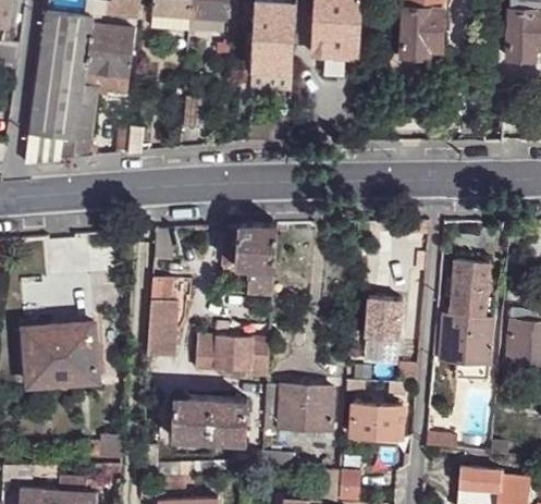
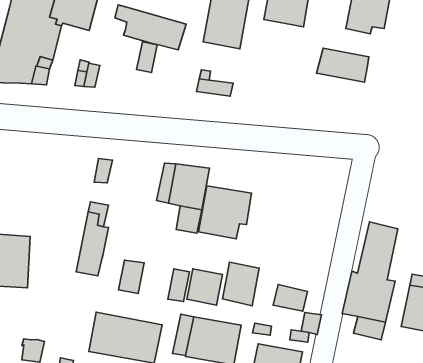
building: none -> [115,5,186,50]
building: none -> [317,48,369,82]
building: none -> [199,186,252,239]
building: [366,298,401,342] -> [223,262,259,306]
building: [217,334,251,370] -> [187,269,223,305]

